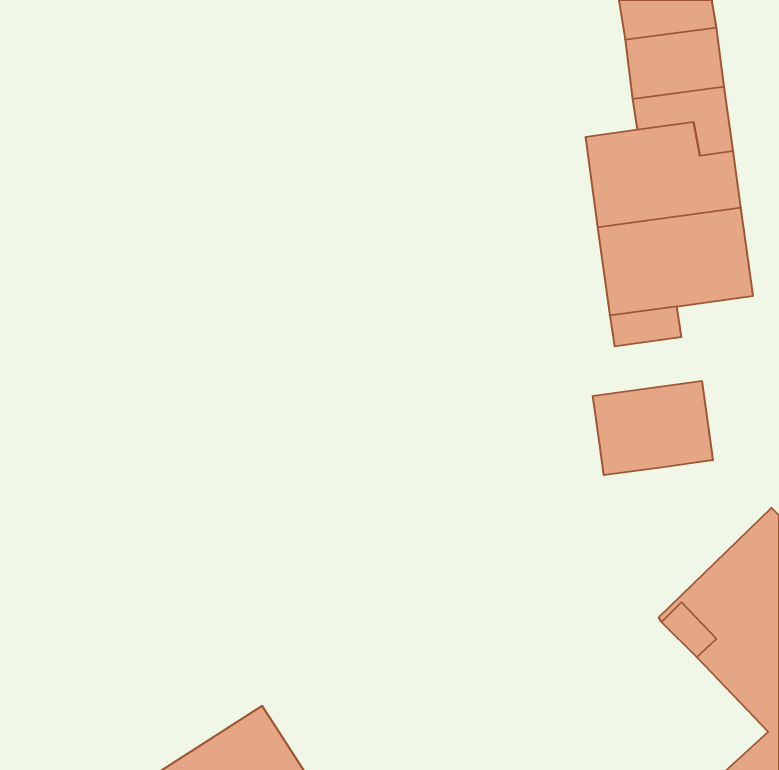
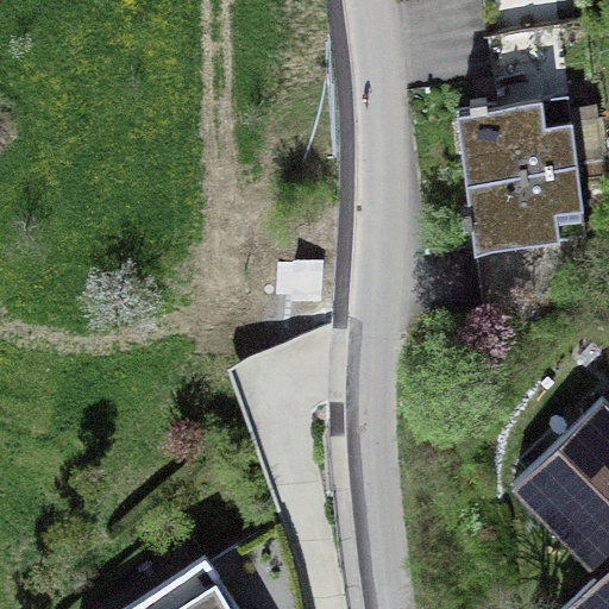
building: [593,381,713,475] -> none

